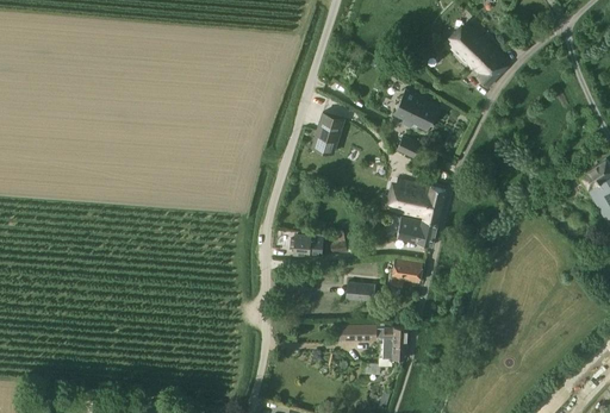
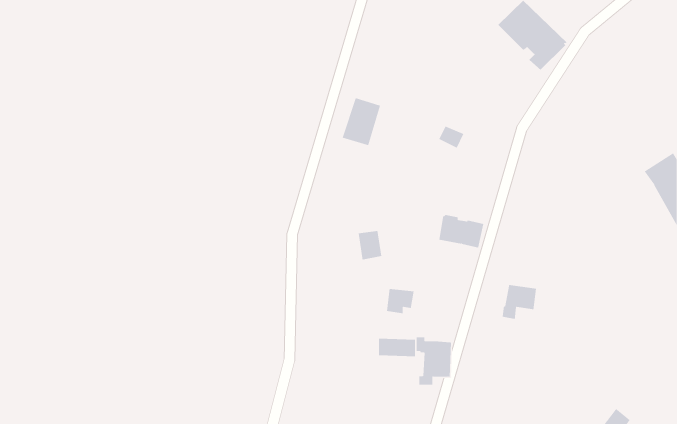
building: [394,90,437,130] -> none
building: [393,179,446,223] -> none
building: [290,234,324,255] -> none
building: [391,258,422,289] -> [502,284,537,319]

